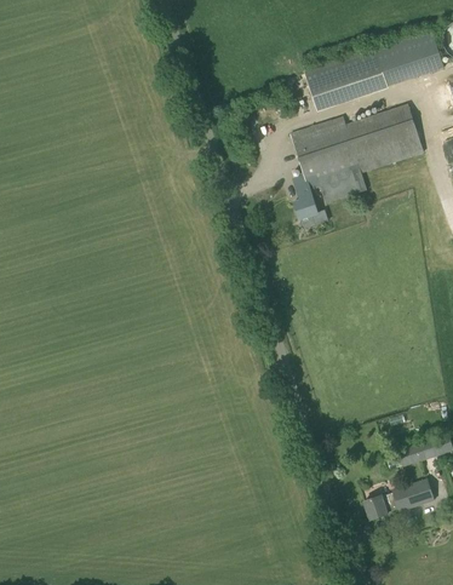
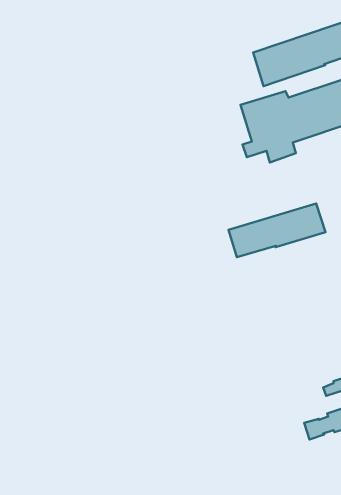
building: [294,187,317,228] -> none
building: none -> [229,203,325,257]

